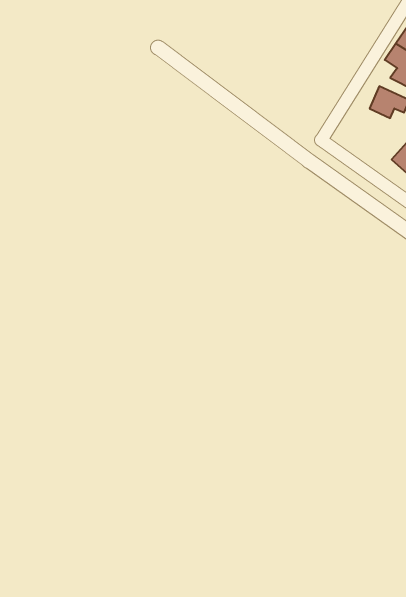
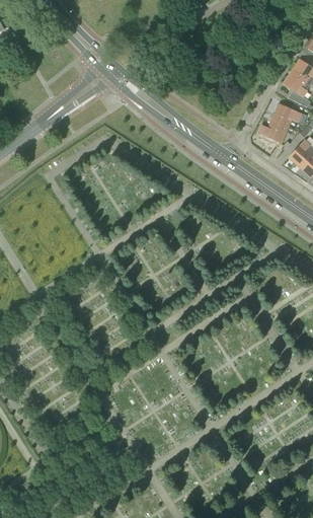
building: none -> [258,119,288,142]

